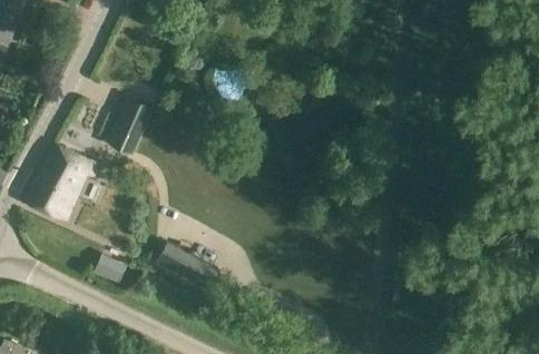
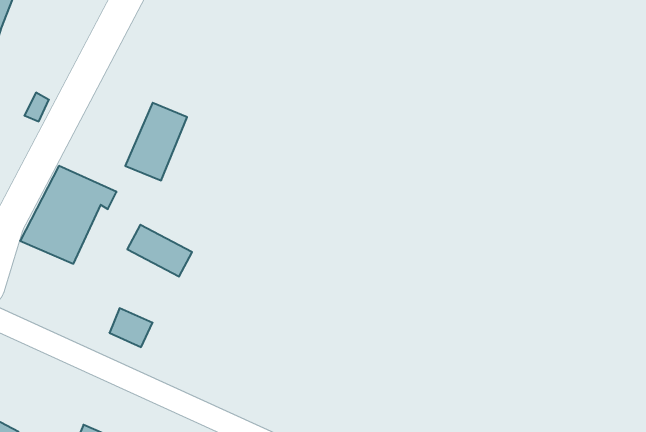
building: [168,252,218,292] -> [127,225,192,277]

